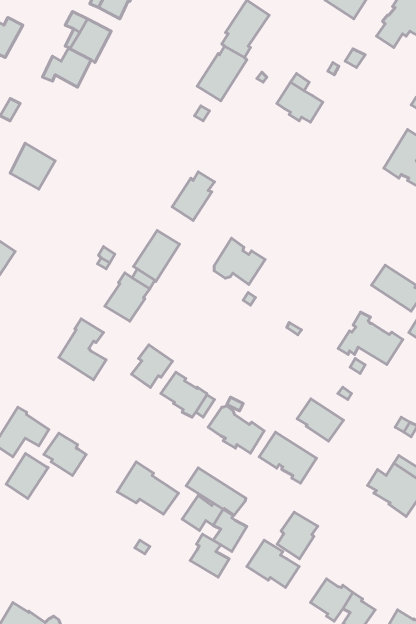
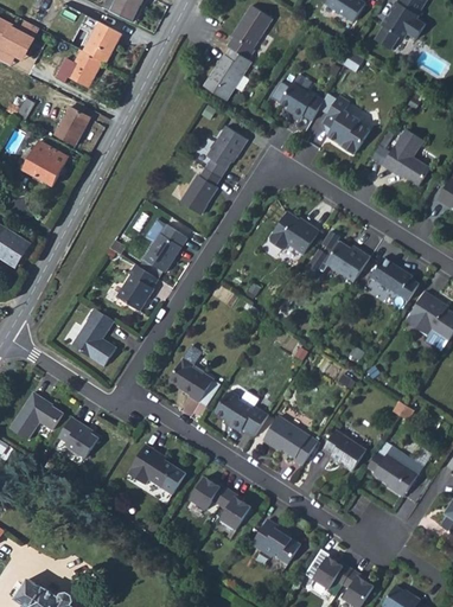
building: none -> [320,96,369,155]
building: none -> [55,107,90,146]
building: none -> [204,126,247,178]
building: [214,238,265,284] -> [269,211,318,255]
building: [338,312,403,365] -> [307,231,369,281]
building: [132,345,173,387] -> none
building: [297,399,343,441] -> [321,430,365,471]
building: [6,453,48,499] -> none
building: [186,468,246,515] -> none
building: [277,512,318,559] -> none
building: [190,534,229,577] -> none

